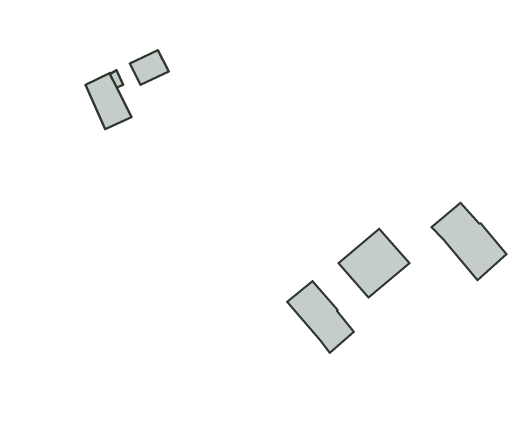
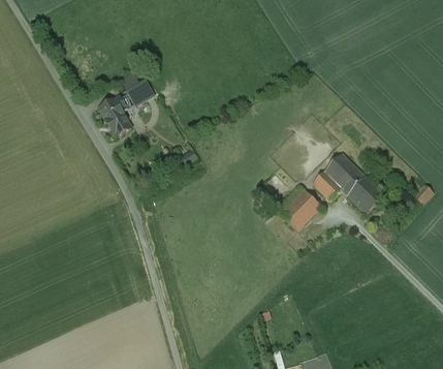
building: none -> [312,153,351,201]
building: [287,281,354,353] -> none

